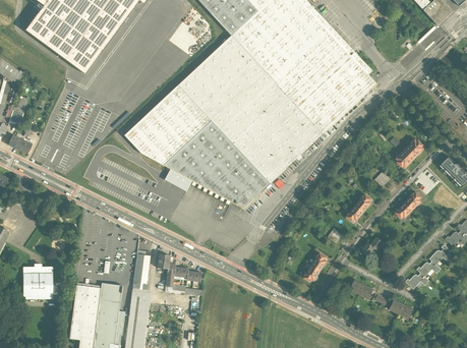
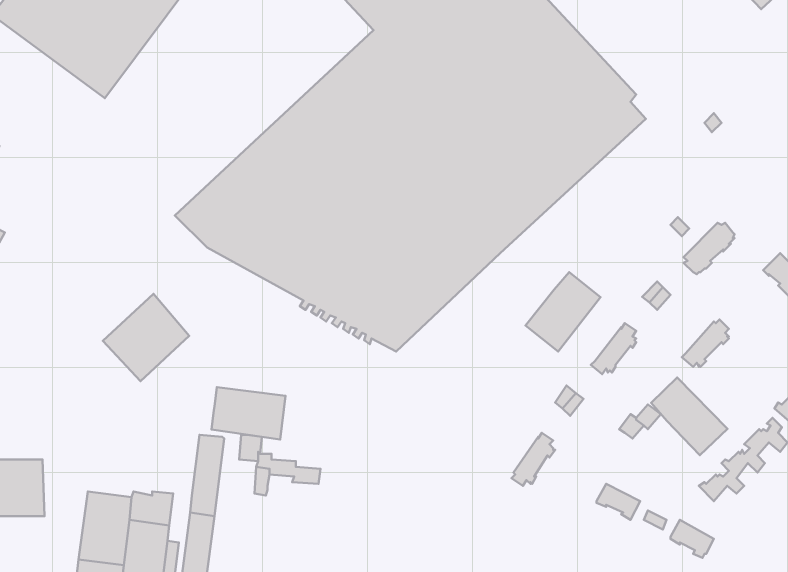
building: none -> [526,272,601,351]
building: none -> [103,294,189,381]
building: none -> [651,378,727,455]
building: none -> [212,387,286,439]

